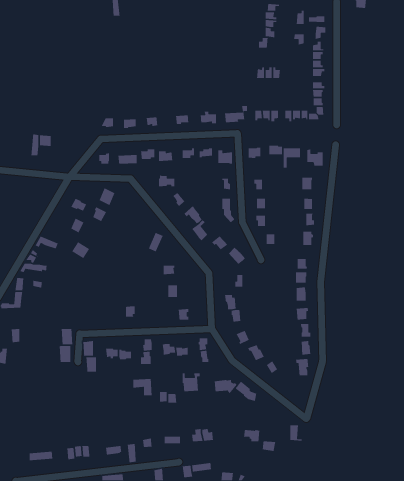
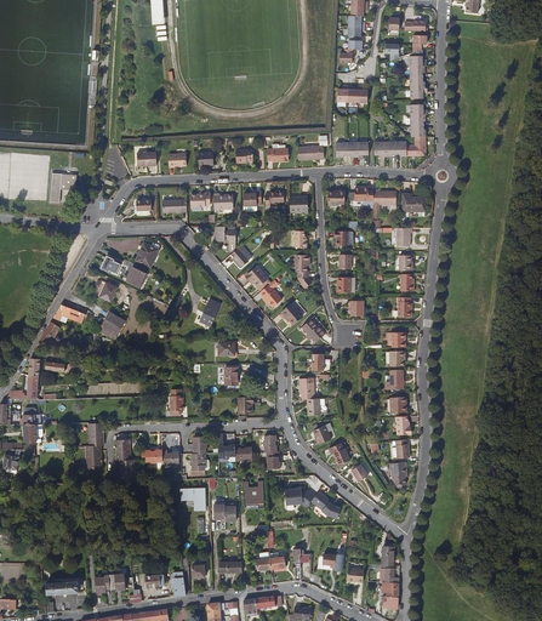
building: none -> [380,566,398,606]

